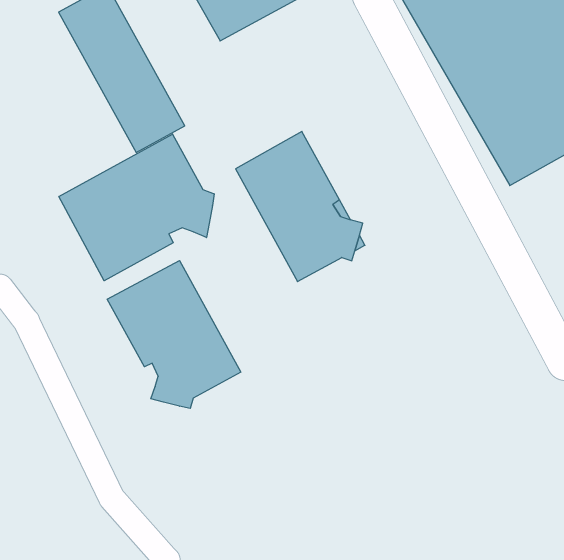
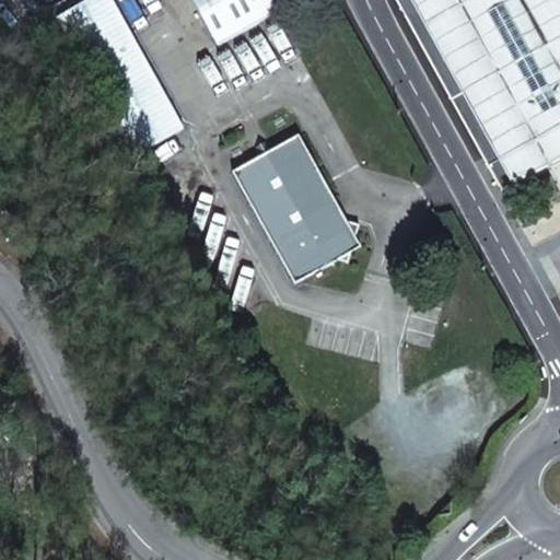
building: [59,134,214,281] -> none
building: [107,261,241,408] -> none

